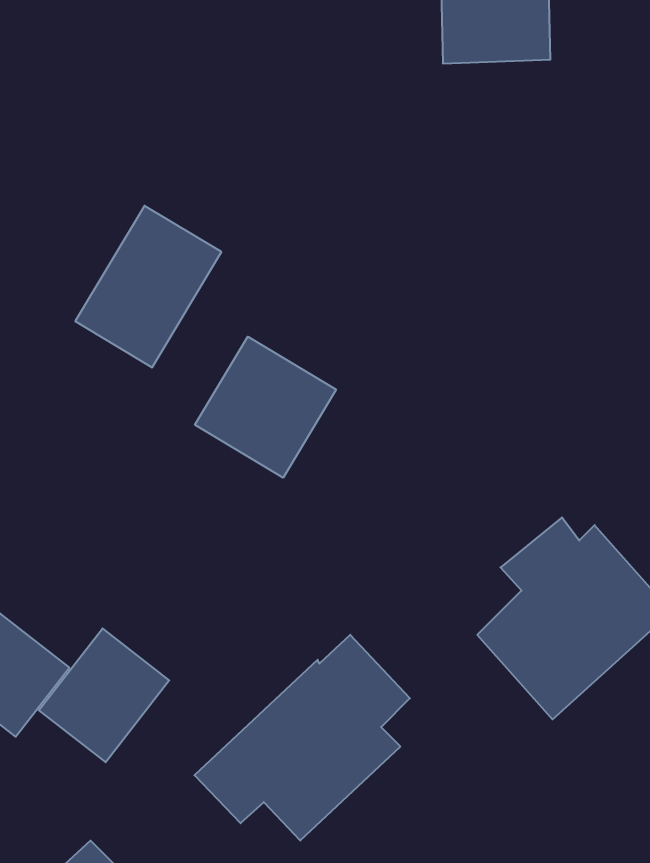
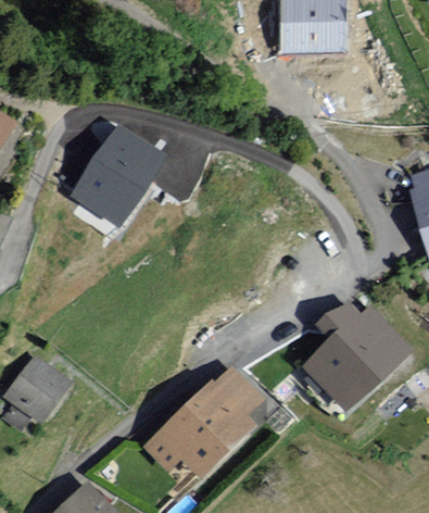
building: [195,337,336,478] -> none
building: [39,628,169,762] -> none

